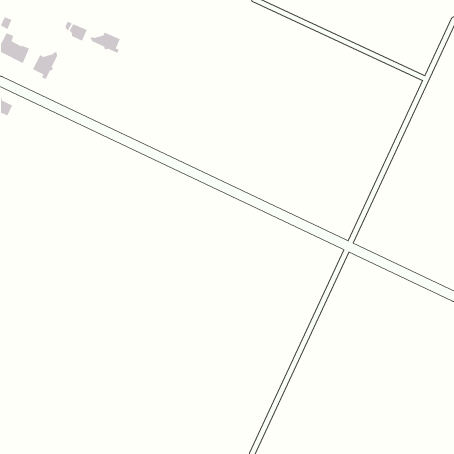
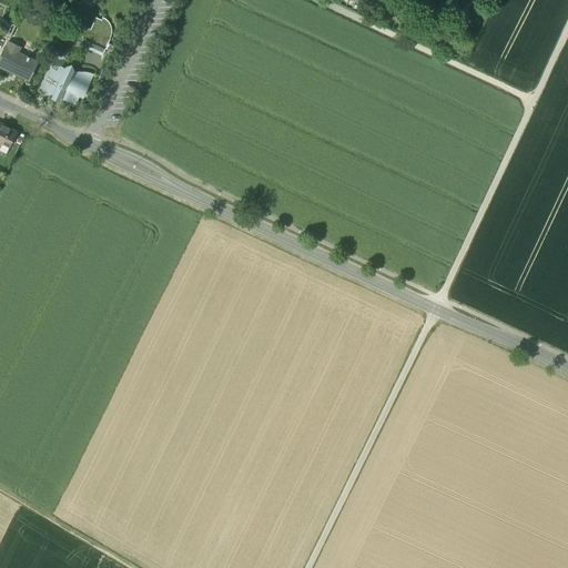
building: [89,32,121,54] -> none
building: none -> [60,70,91,103]

